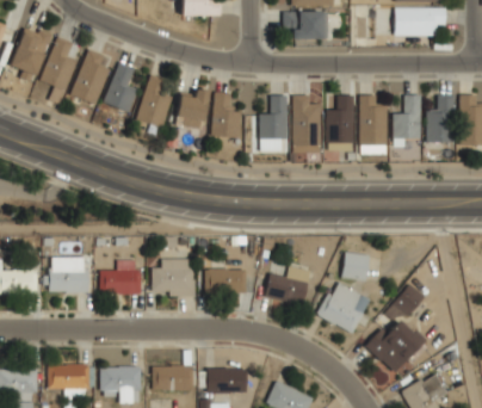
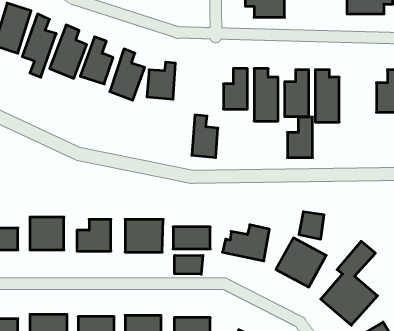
building: [212,92,241,138] -> [192,115,218,158]
building: [394,97,421,141] -> [287,117,313,158]
building: none -> [175,255,203,274]

